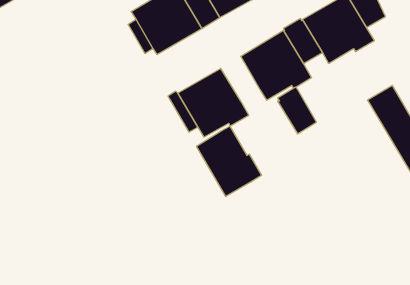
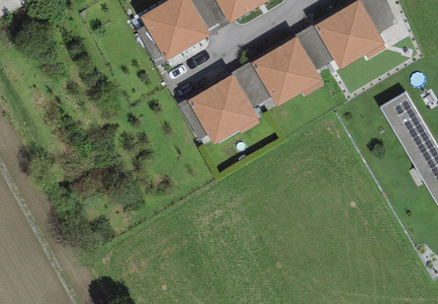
building: [278,87,316,134] -> [231,60,270,107]
building: [197,126,262,197] -> none

